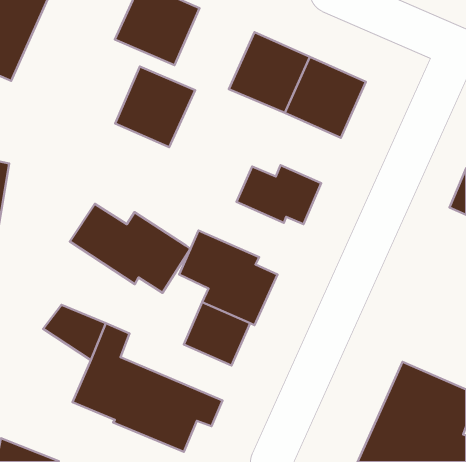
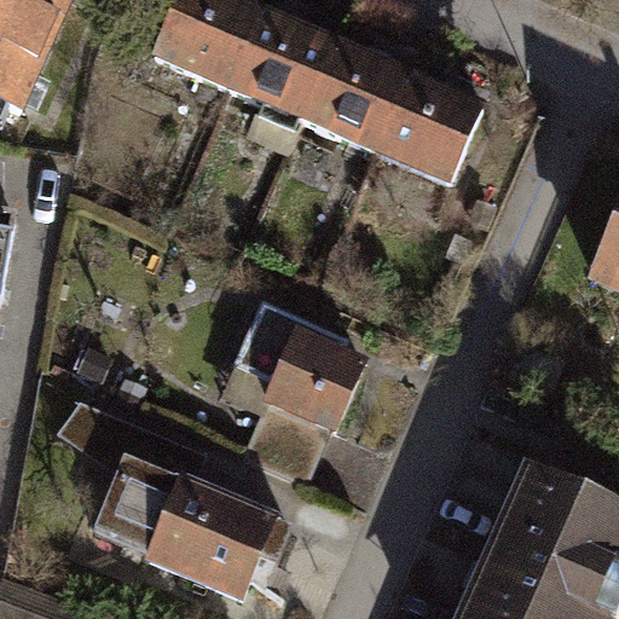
building: [115,66,195,147] -> [230,11,335,117]
building: [237,165,321,224] -> none
building: [70,204,191,293] -> none

